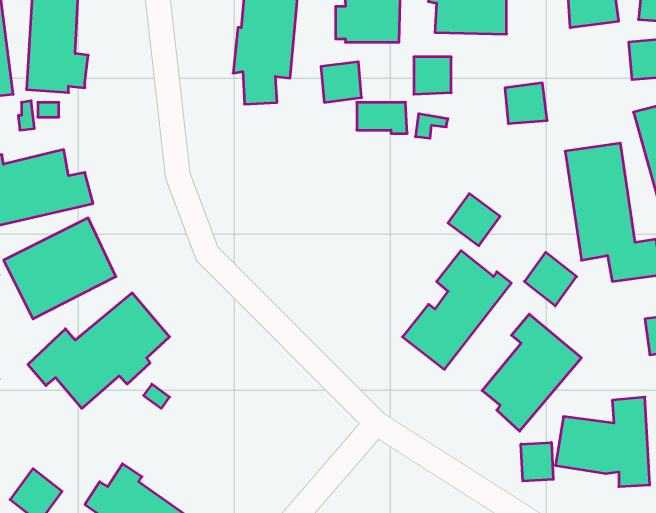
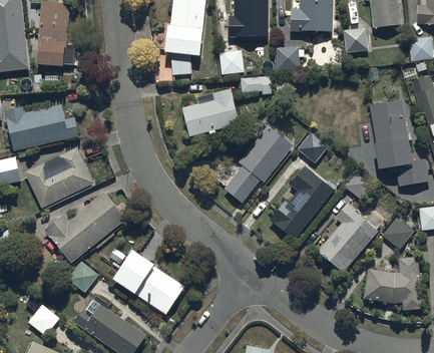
building: [505,83,547,124] -> [342,26,368,51]
building: none -> [181,87,239,136]
building: none -> [223,124,292,203]
building: none -> [382,217,413,248]
building: none -> [112,252,184,315]
building: none -> [67,260,98,292]
building: [521,442,553,481] -> none

